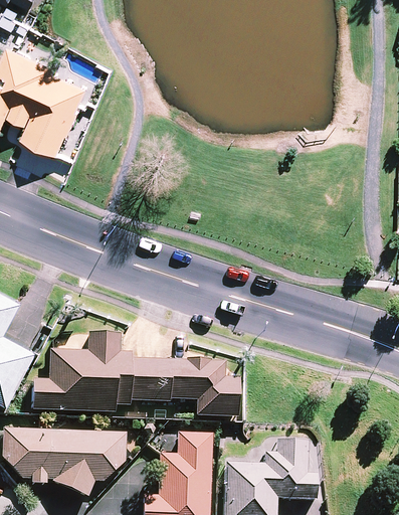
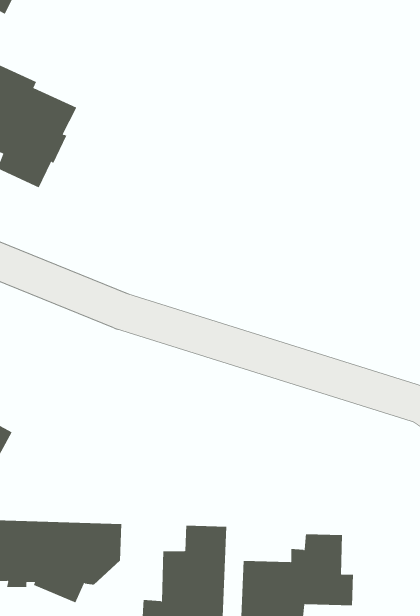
building: [33,333,239,416] -> none

